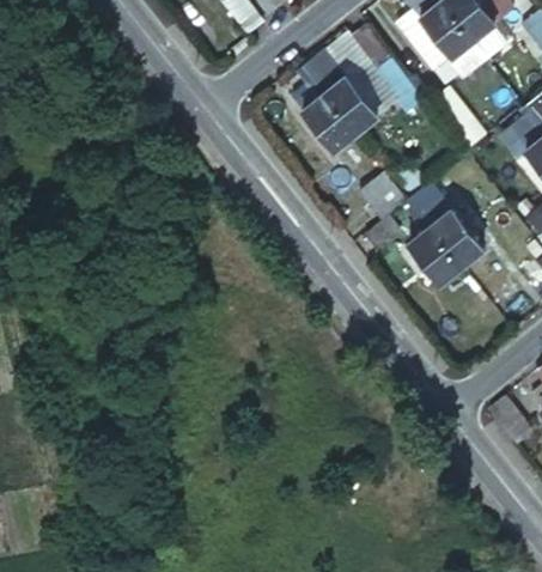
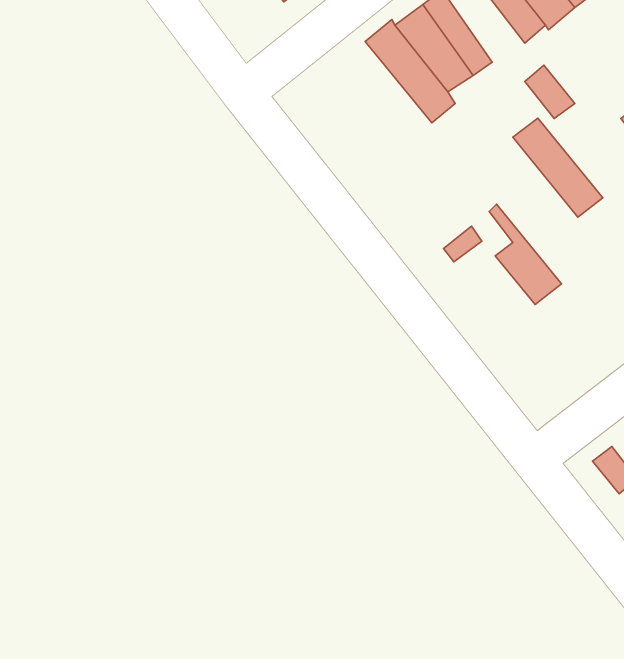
building: [293,69,359,152] -> none
building: [360,175,406,223] -> none
building: [412,185,485,266] -> [513,118,603,217]

